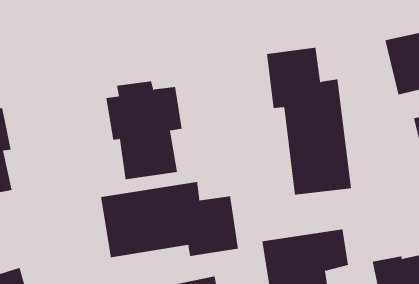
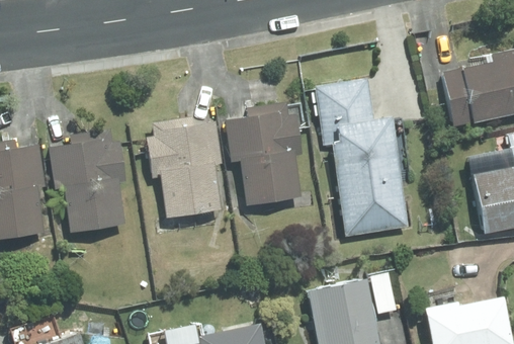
building: none -> [226,103,305,207]
building: none -> [50,127,130,236]
building: [100,181,238,258] -> none

